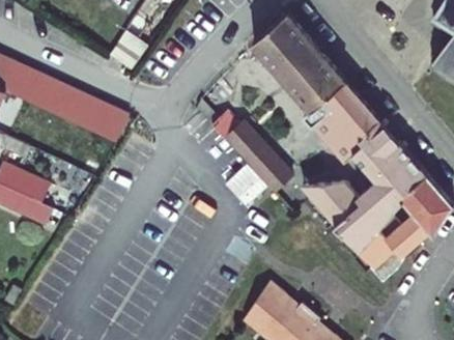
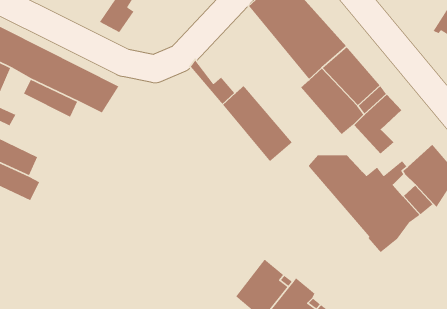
building: [360,137,427,199] -> none

